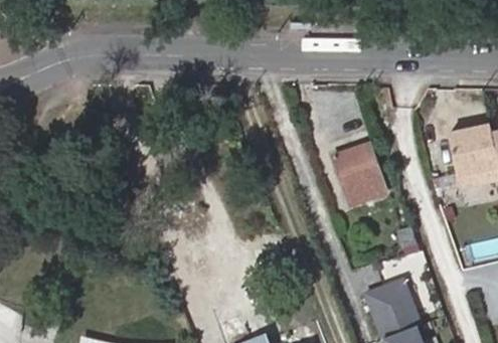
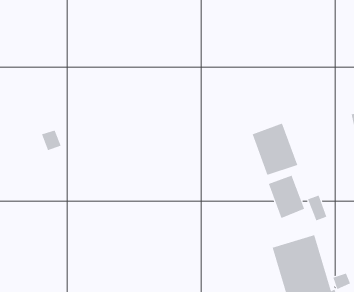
building: none -> [268,175,305,219]

